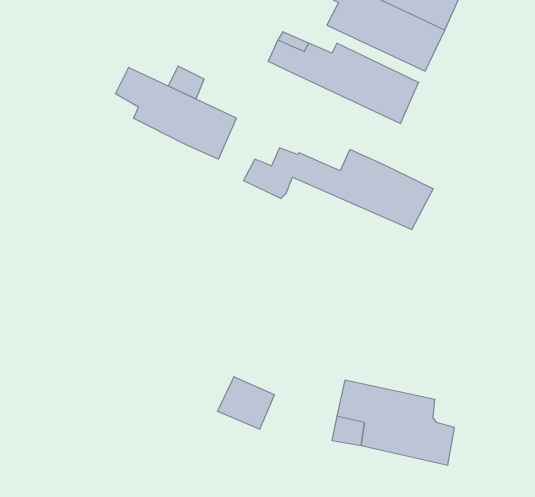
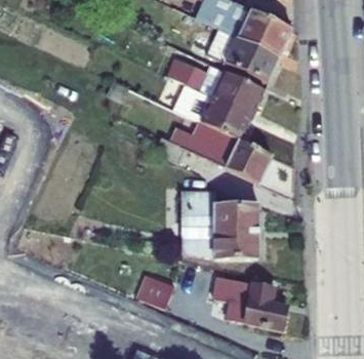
building: [115,67,236,159] -> [176,82,252,139]
building: none -> [180,189,258,256]

